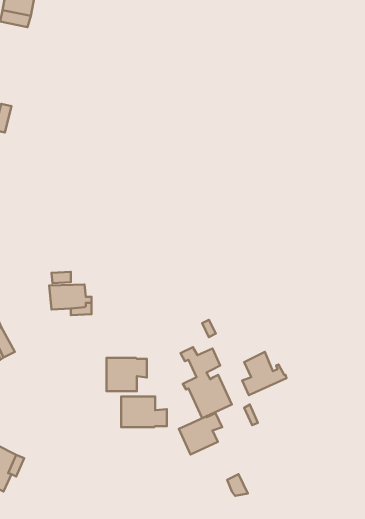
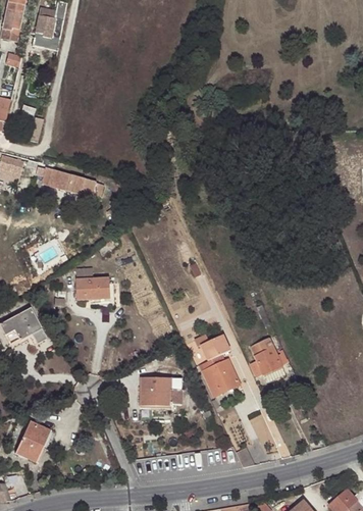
building: none -> [49,169,103,197]
building: [107,358,147,391] -> none
building: [179,413,222,454] -> none

